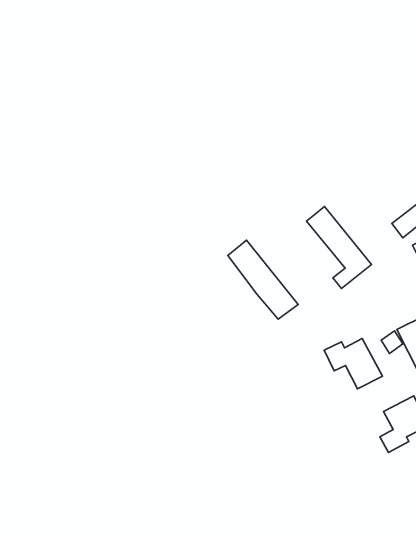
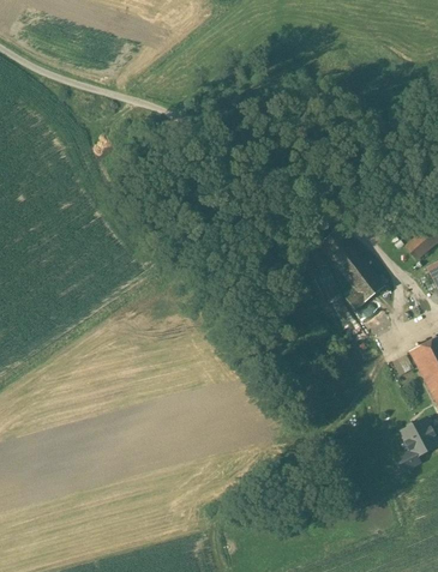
building: [228,240,298,319] -> none
building: [324,338,382,389] -> none

